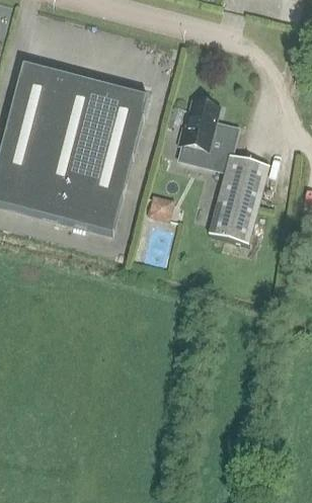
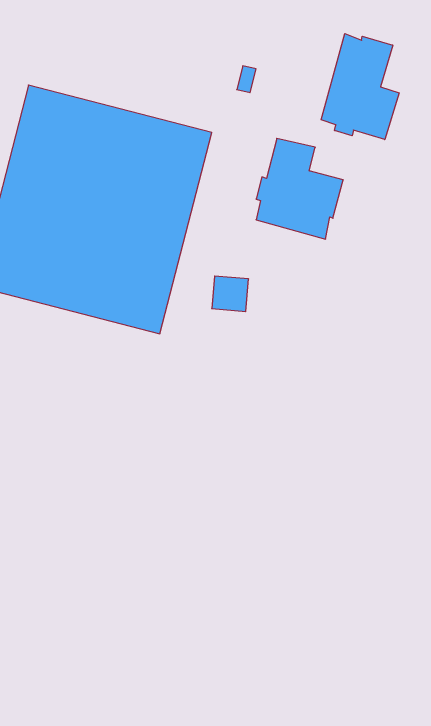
building: none -> [321,34,399,140]
building: [209,154,268,244] -> none

